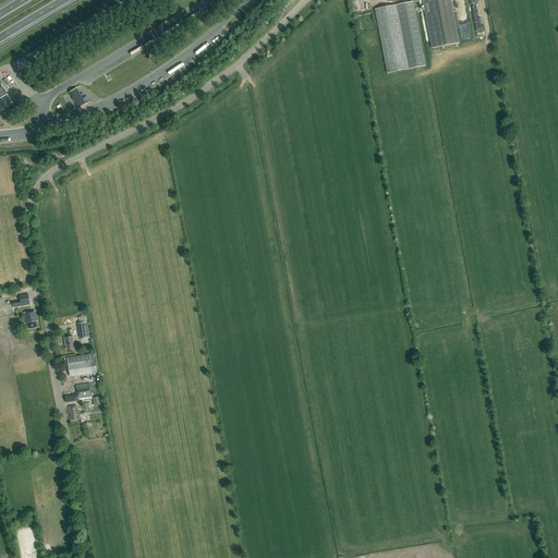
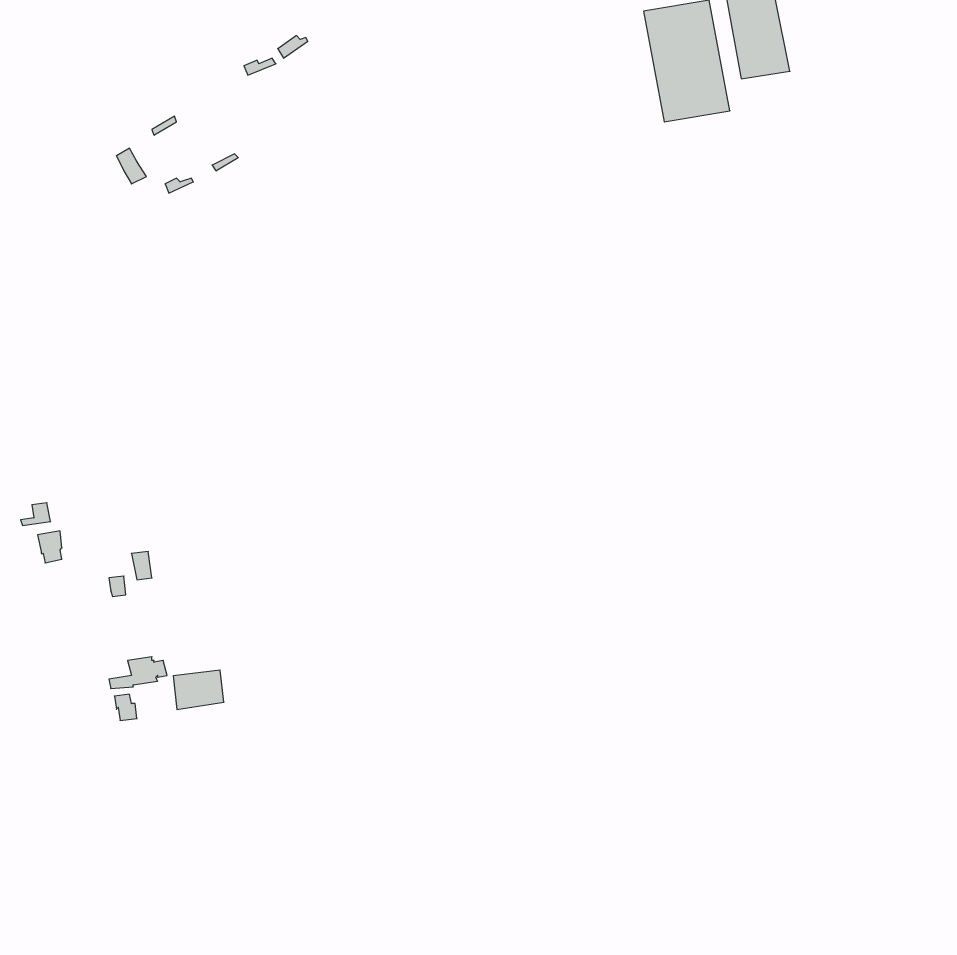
building: [66,352,96,375] -> [173,670,224,710]

